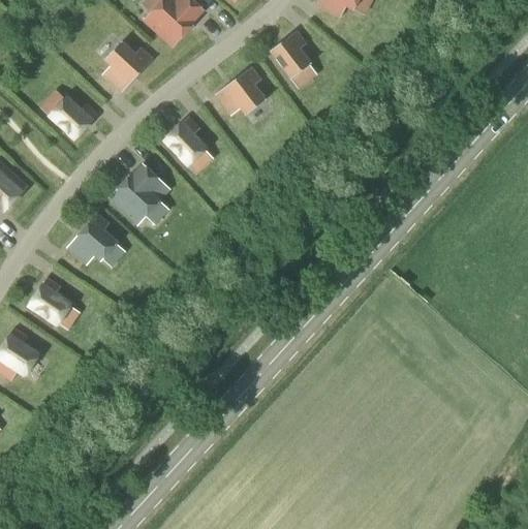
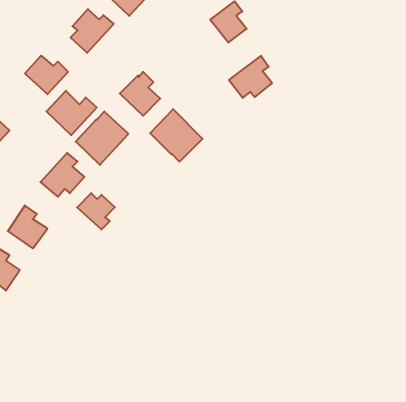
building: [215,65,267,116] -> [229,56,272,98]
building: none -> [46,91,97,135]
building: none -> [150,109,203,162]
building: none -> [77,193,115,230]

